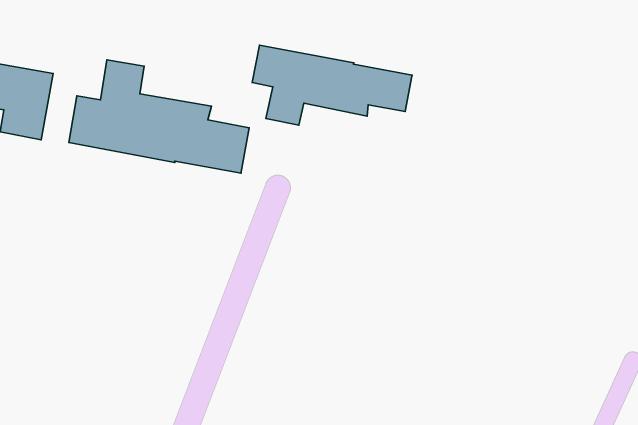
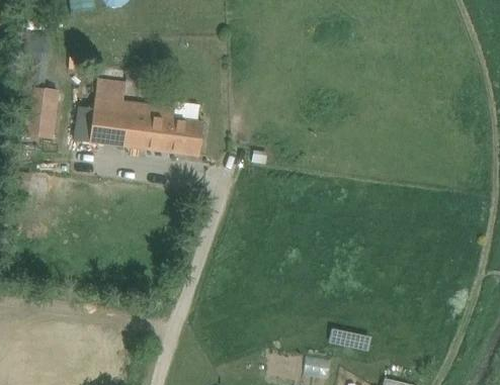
building: [252,45,412,125] -> none

